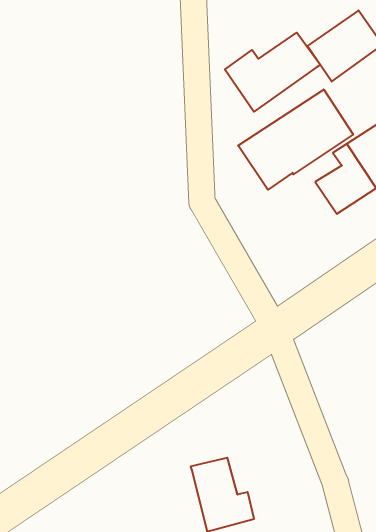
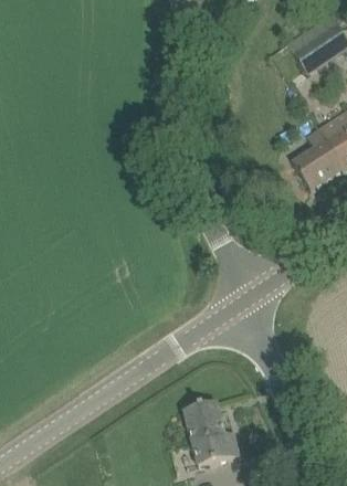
building: [225,33,320,112] -> none
building: [238,89,353,190] -> none

